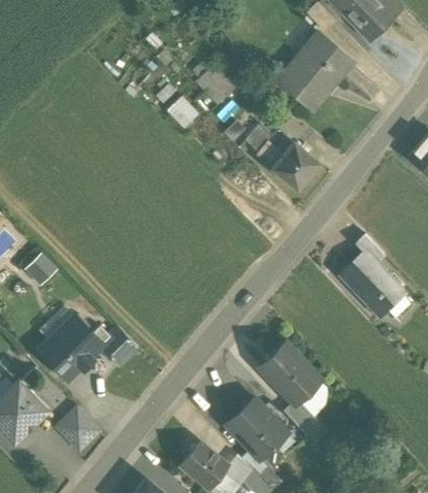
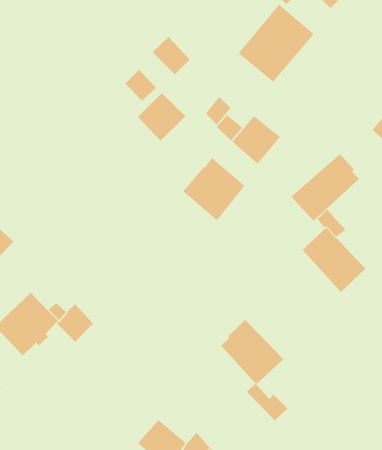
building: none -> [137,93,186,142]
building: none -> [291,153,360,221]
building: none -> [182,157,245,221]
building: [227,398,285,456] -> none
building: [58,408,97,447] -> none

